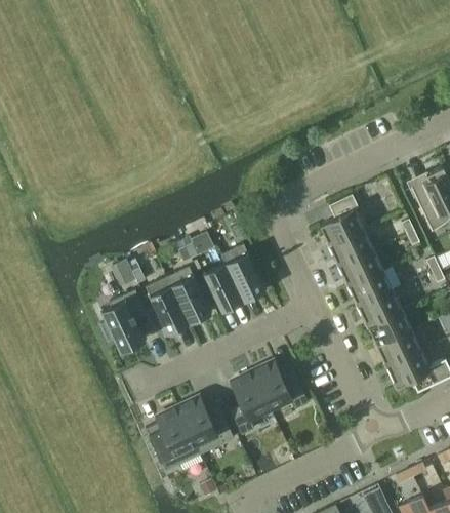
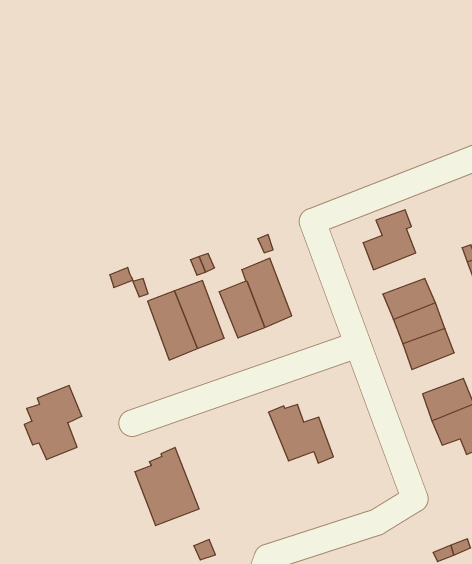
building: [330,229,373,265] -> none
building: [100,288,148,351] -> [24,386,82,460]
building: [368,309,411,345] -> none
building: [231,369,272,434] -> none
building: [177,397,235,453] -> none

